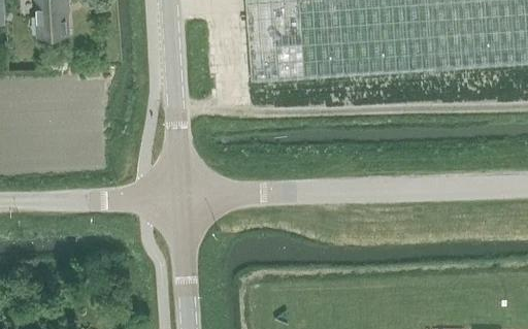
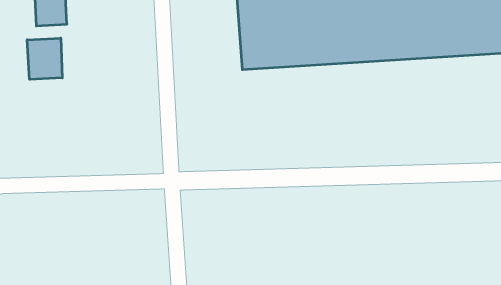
building: none -> [27,38,62,79]

